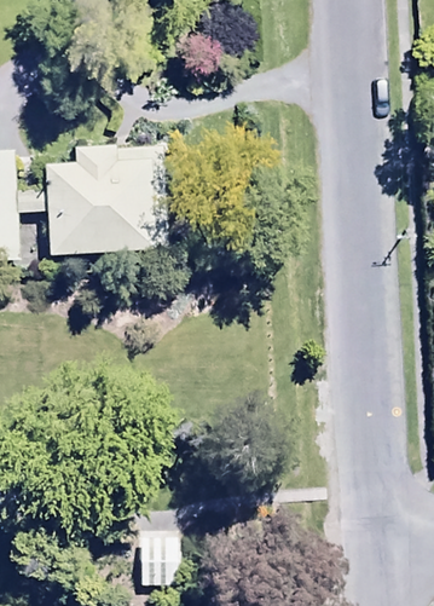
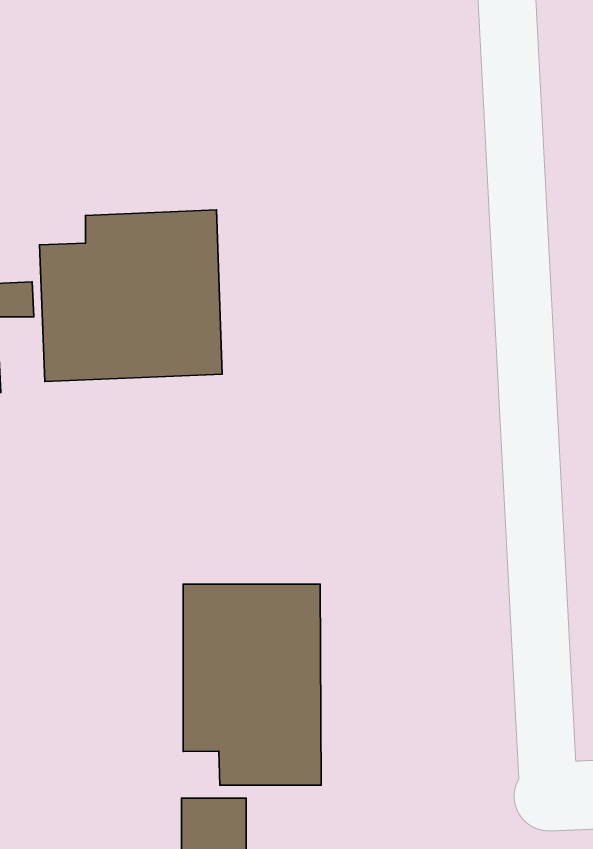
building: none -> [183,584,321,785]

